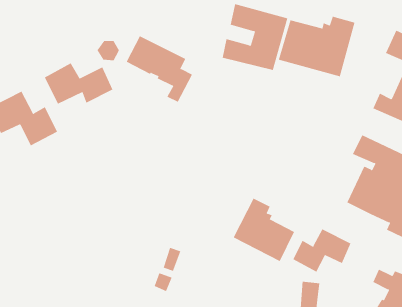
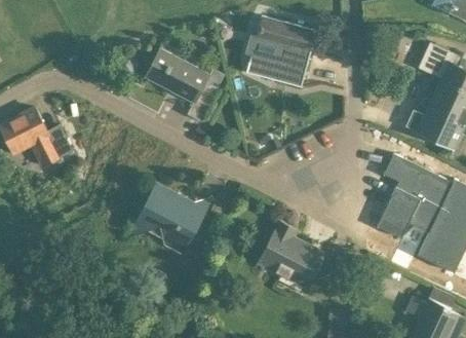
building: [278,16,355,77] -> none
building: [44,62,113,105] -> none
building: none -> [135,184,204,251]
building: [292,228,351,273] -> none

